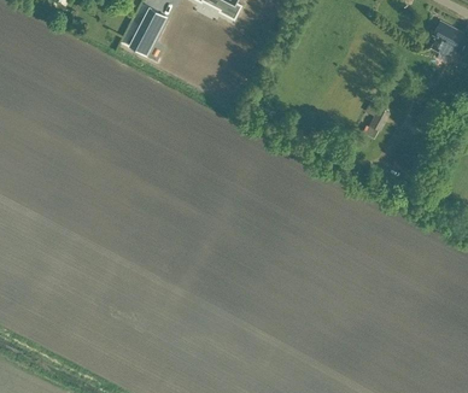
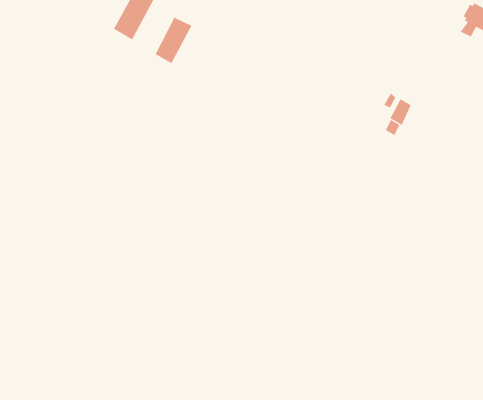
building: none -> [155,17,192,64]

